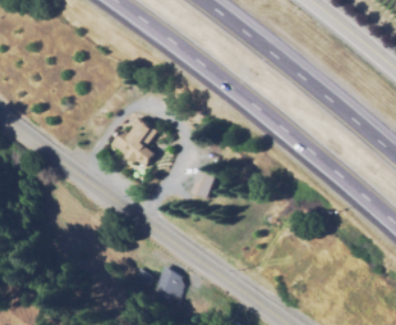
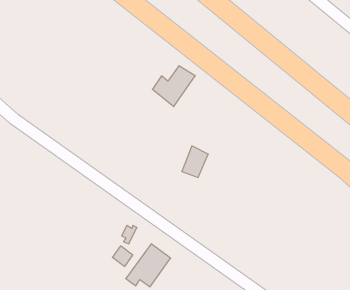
building: [118,124,161,166] -> [152,66,195,107]

